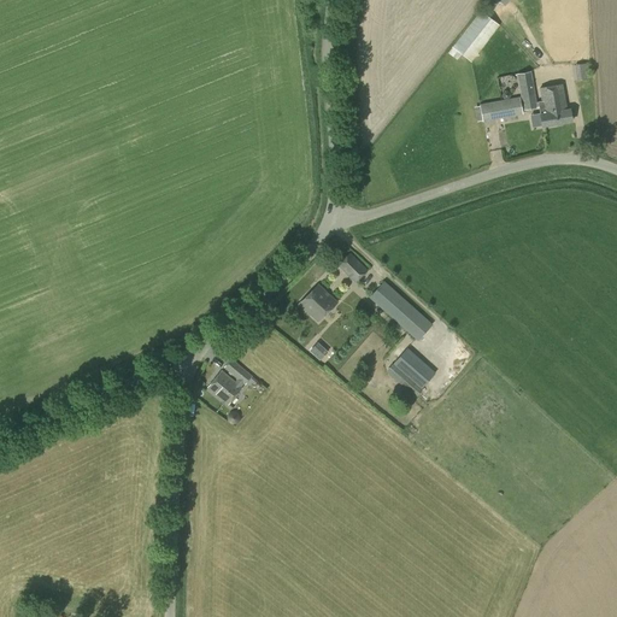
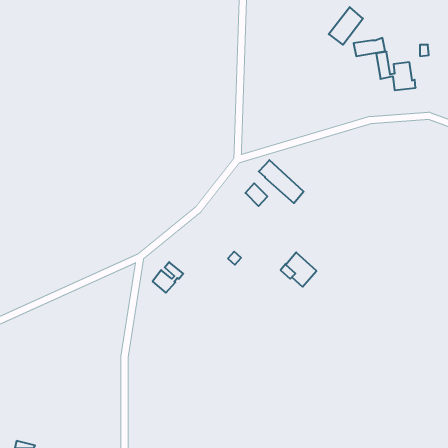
building: [480,96,523,122] -> [354,38,385,56]
building: [370,281,431,340] -> [259,160,304,203]
building: [300,284,336,321] -> none

